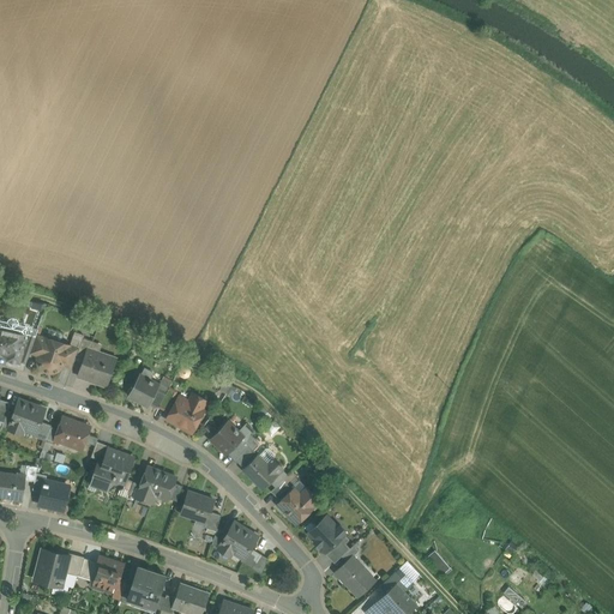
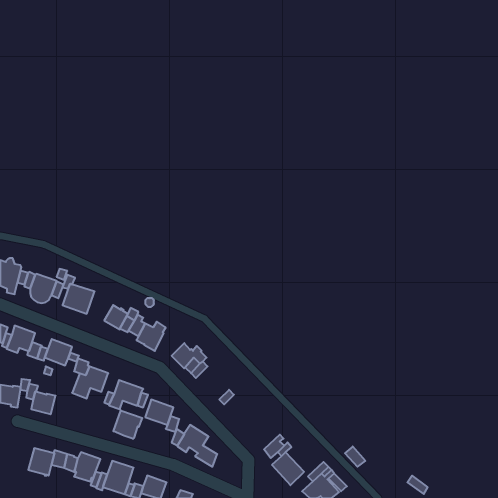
building: [243,449,283,487] -> none
building: [277,488,319,523] -> none
building: none -> [113,410,142,439]
building: [309,516,345,553] -> none

